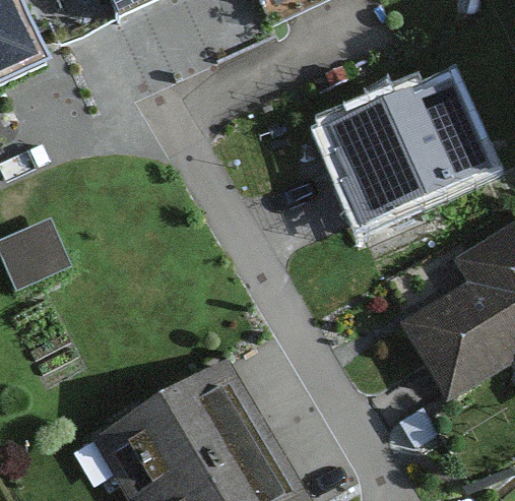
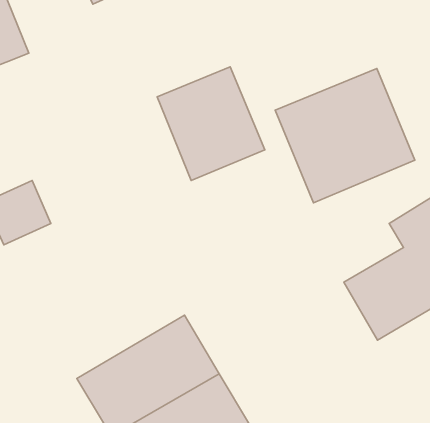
building: none -> [157,67,265,180]

